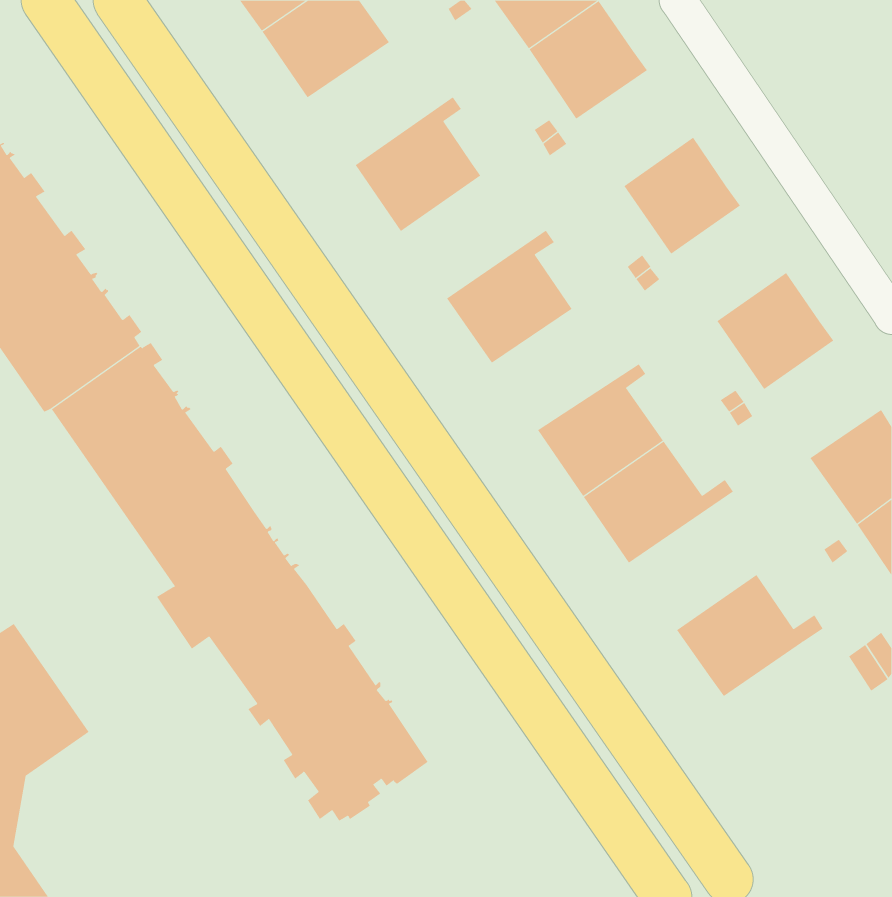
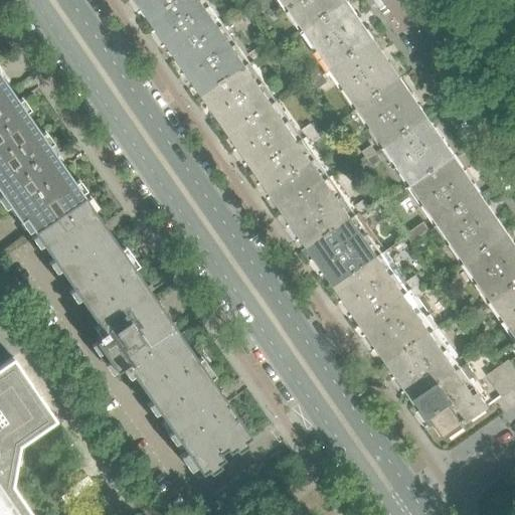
building: none -> [176,24,260,95]
building: none -> [330,40,397,107]
building: none -> [229,101,313,171]
building: none -> [384,118,451,184]
building: none -> [282,177,366,246]
building: none -> [438,195,505,263]
building: none -> [360,282,436,361]
building: none -> [414,368,485,437]

